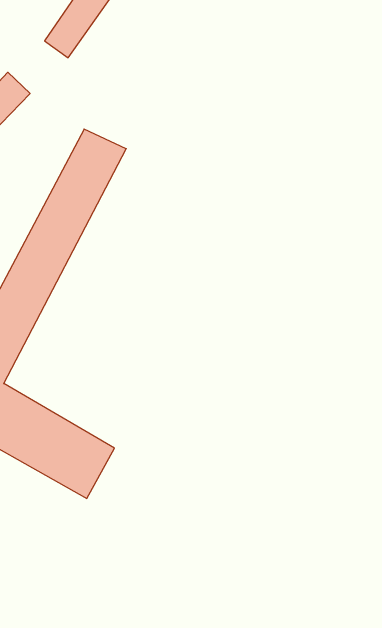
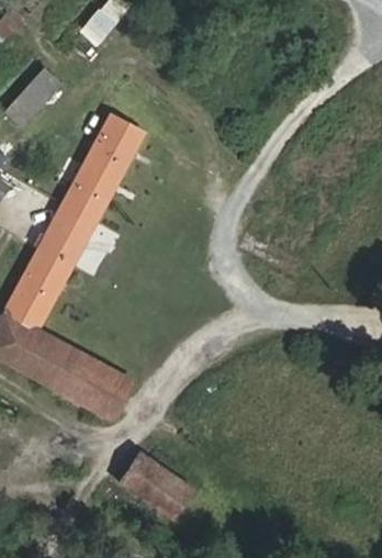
building: none -> [114,449,193,521]

